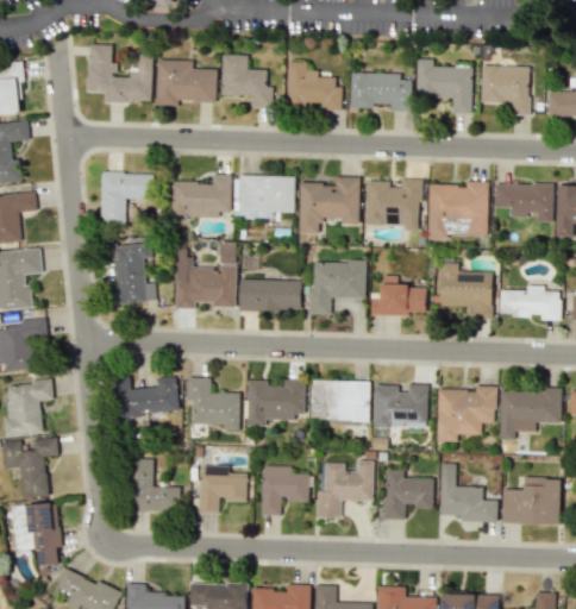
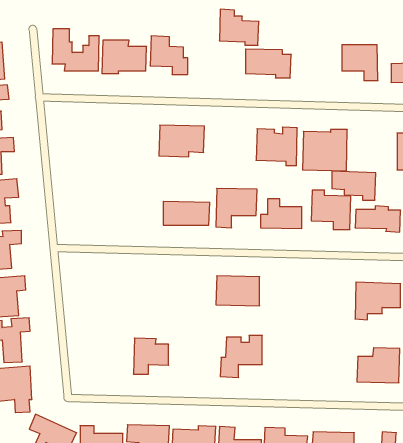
building: [417,58,474,113] -> none
building: [287,61,340,109] -> [219,9,259,45]
building: [101,172,152,222] -> none
building: [171,172,232,216] -> none
building: [299,176,361,233] -> none
building: [495,182,555,221] -> [332,171,376,200]
building: [109,241,155,302] -> none
building: [175,243,237,308] -> none
building: [187,376,240,429] -> none
building: [117,377,179,420] -> none
building: [248,379,306,426] -> none
building: [374,383,428,427] -> none
building: [438,385,497,441] -> none
building: [130,458,181,510] -> none
building: [440,463,497,521] -> none
building: [262,465,309,514] -> none
building: [384,469,434,519] -> none

